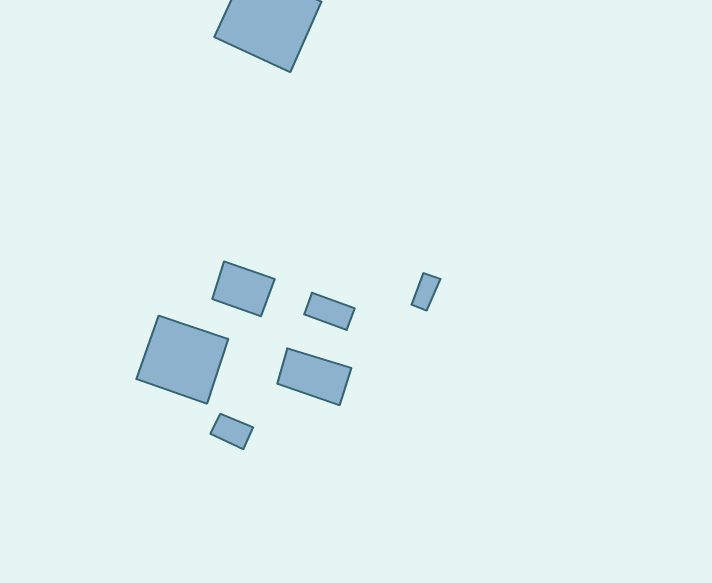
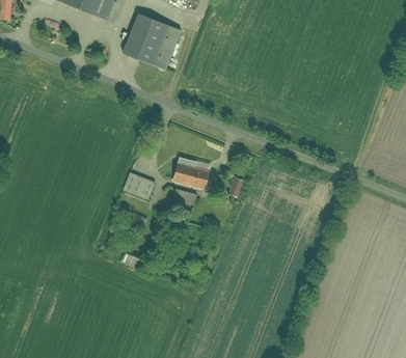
building: [136,316,228,404] -> none
building: [277,348,351,405] -> [170,159,210,189]

